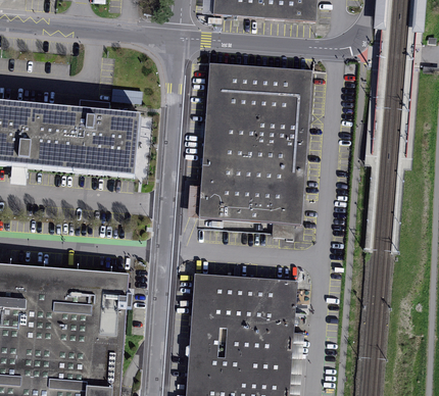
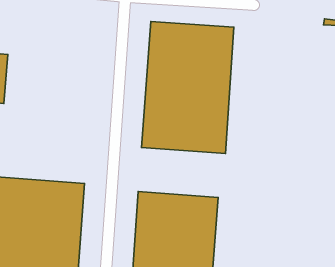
building: [29,104,140,172] -> none

